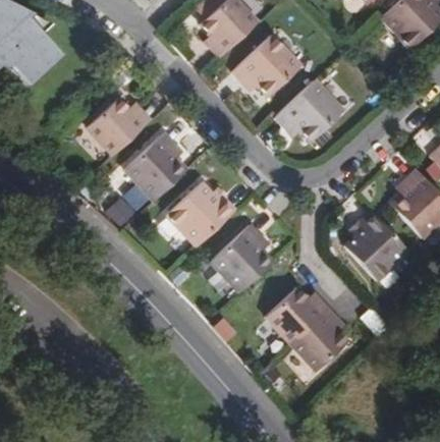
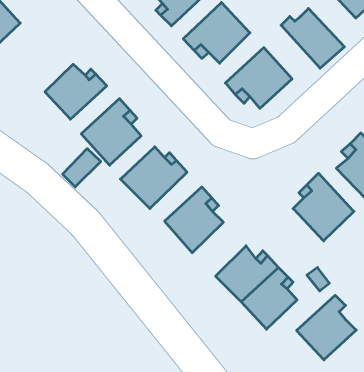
building: none -> [281,8,344,68]
building: none -> [297,295,356,360]

